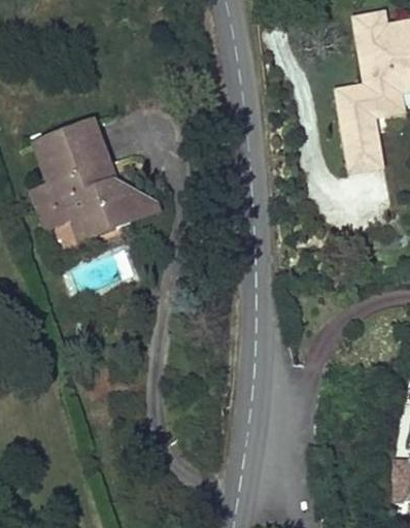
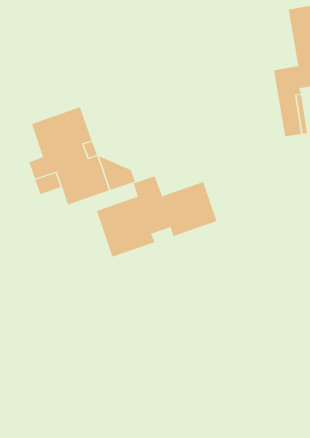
building: none -> [96,175,217,257]

